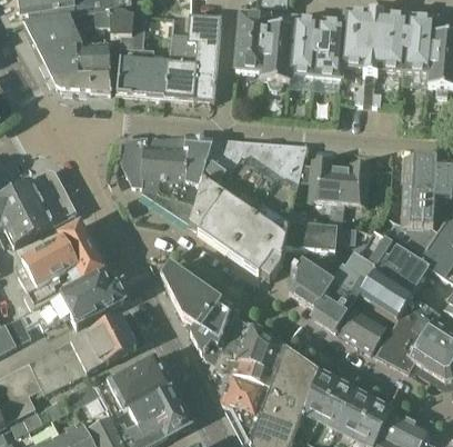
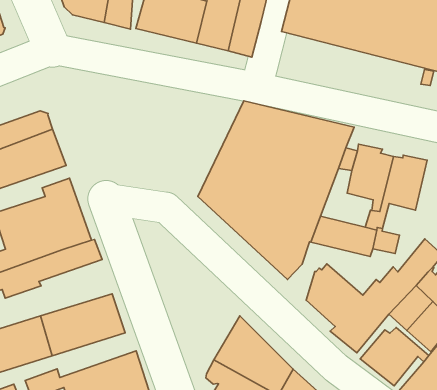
building: [120,137,213,221] -> none
building: [161,265,236,365] -> none
building: [69,285,125,326] -> none

